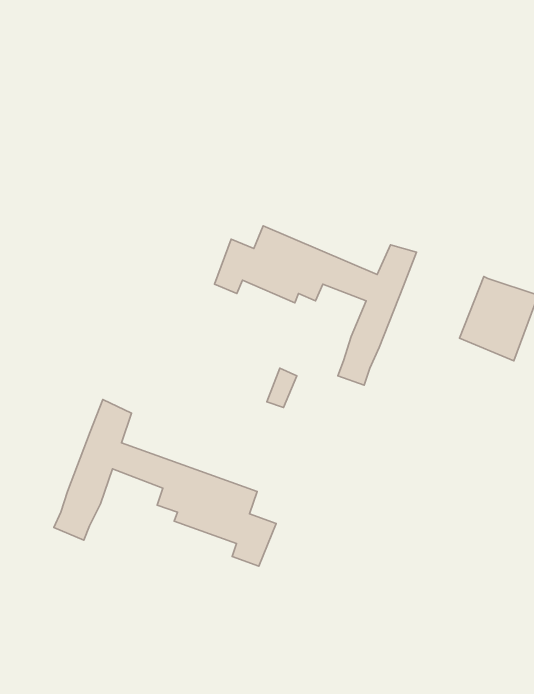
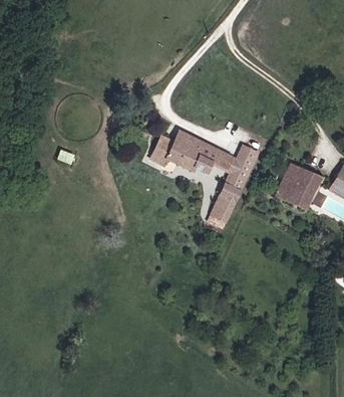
building: [54,399,276,566] -> none

